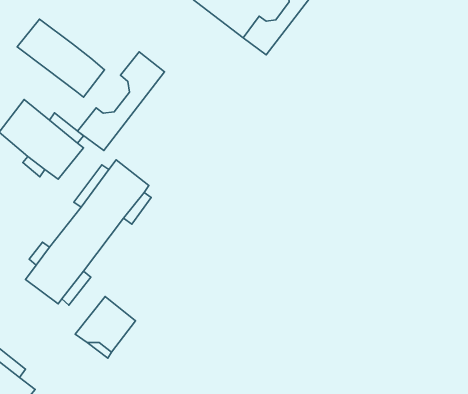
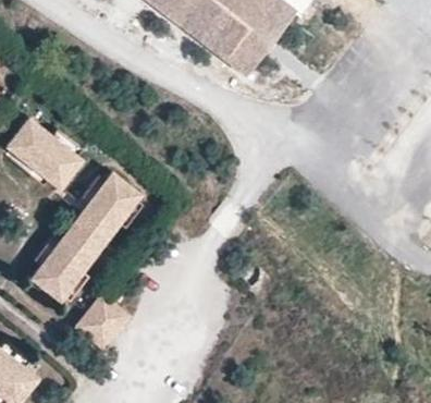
building: [17,19,105,97] -> none
building: [77,52,164,151] -> none

